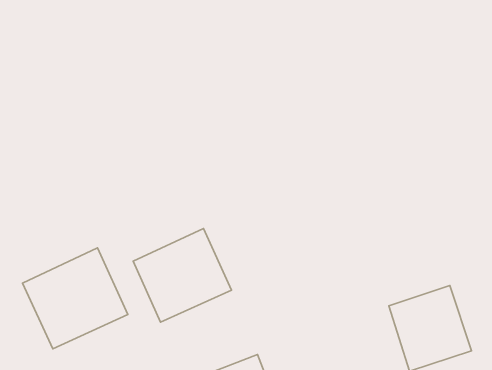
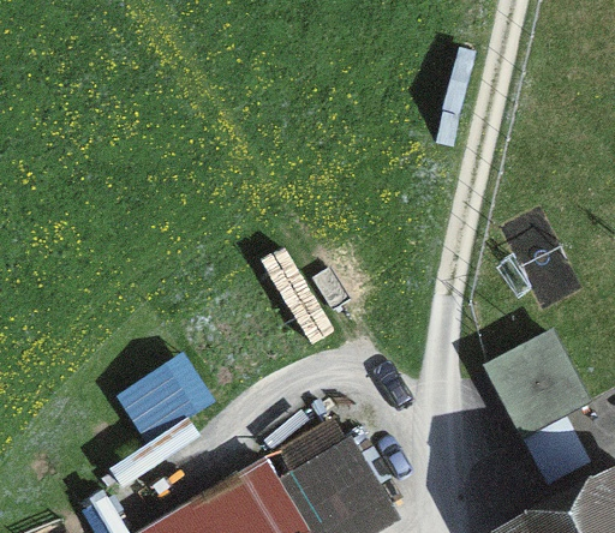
building: [133,229,231,322] -> none

